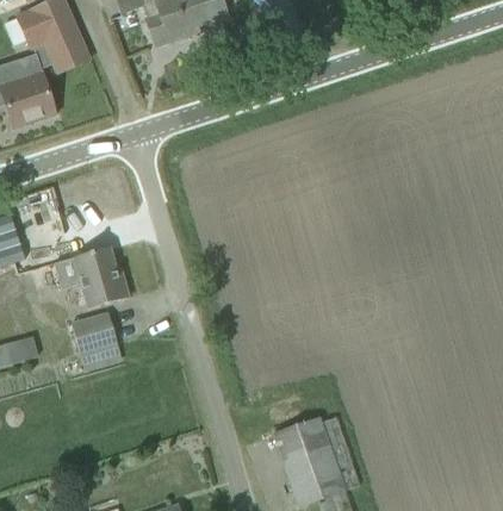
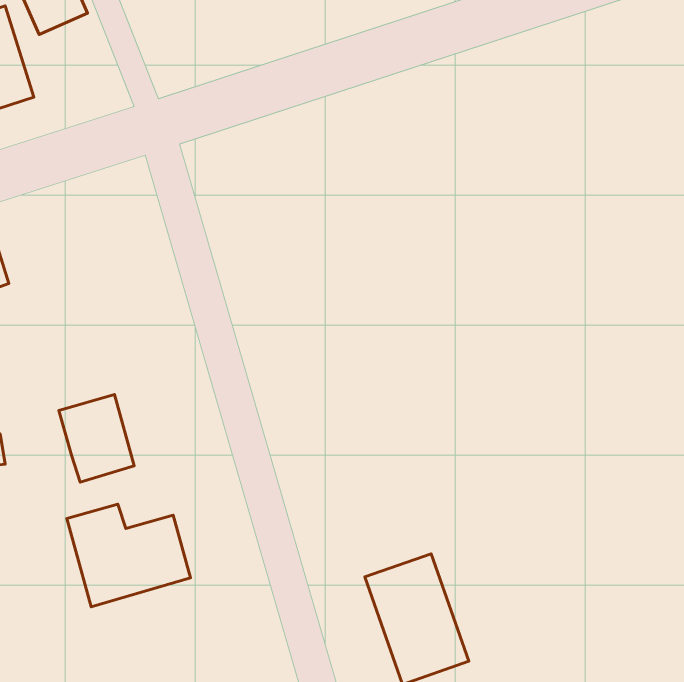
building: [55,247,129,309] -> none
building: none -> [67,504,191,607]

